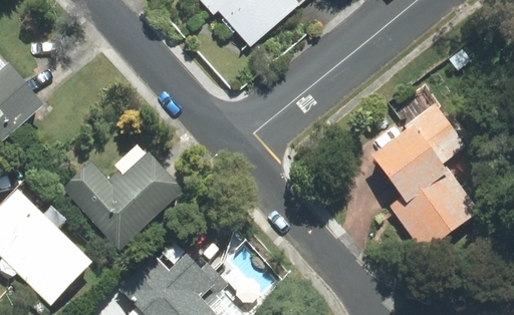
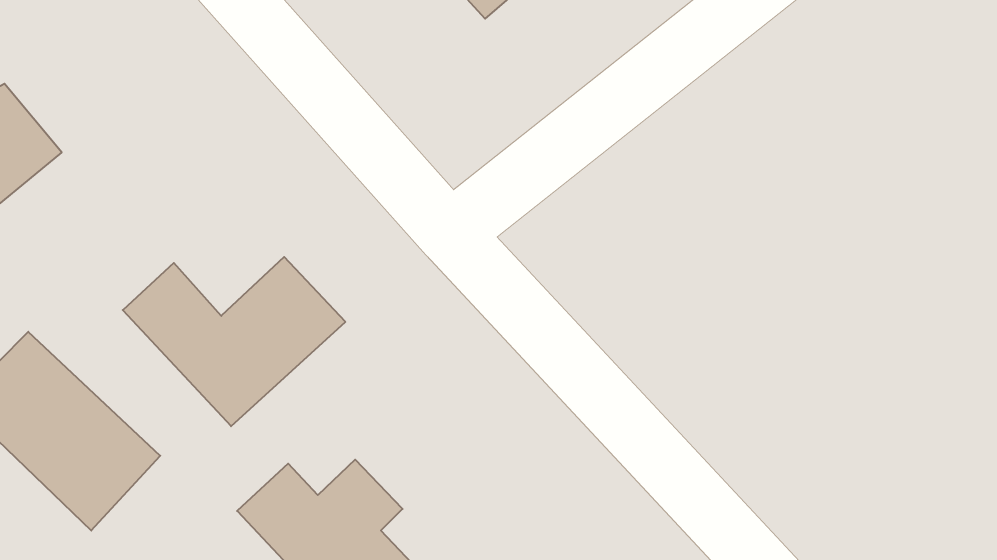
building: [372,110,474,246] -> none

